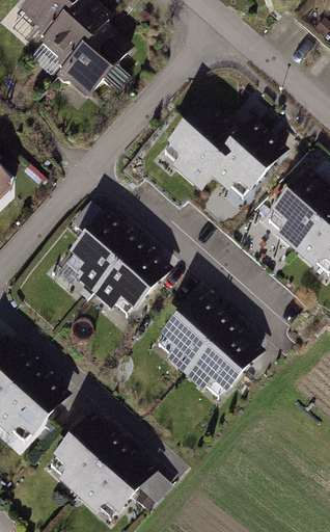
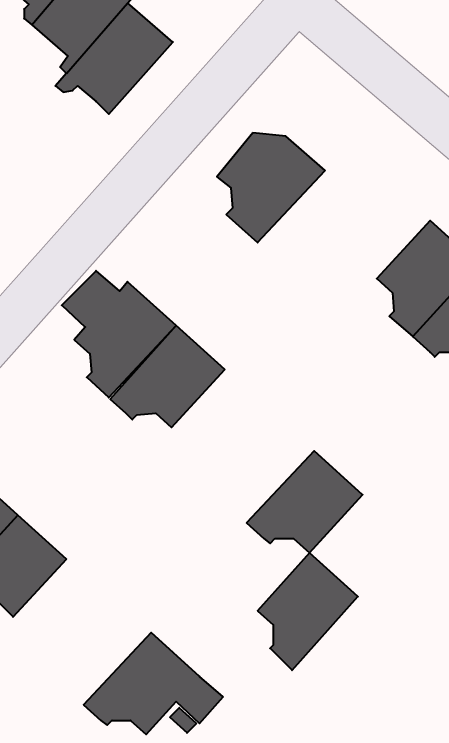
building: [208,123,283,190] -> none
building: [161,294,227,372] -> [258,553,358,670]
building: [53,415,119,493] -> none

